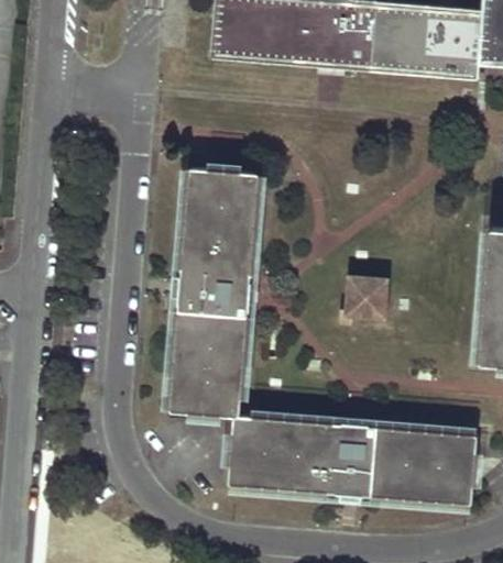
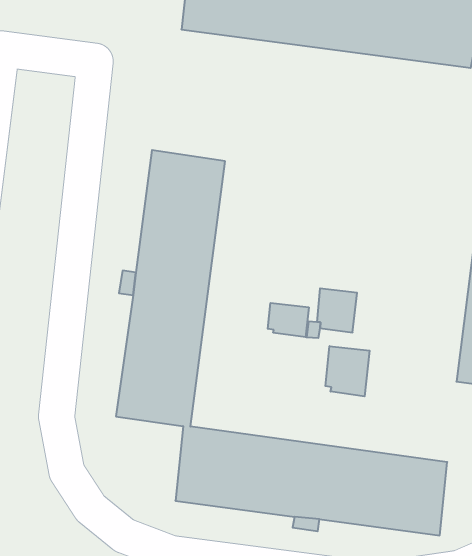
building: none -> [268,303,309,337]
building: none -> [325,346,370,396]

